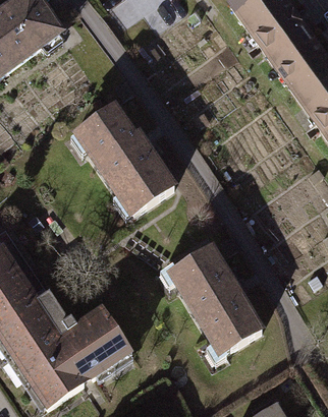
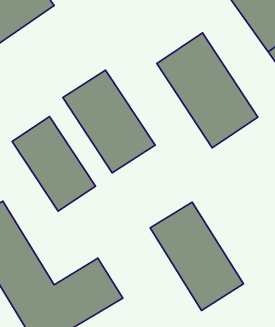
building: none -> [157,33,258,148]
building: none -> [12,117,95,211]

